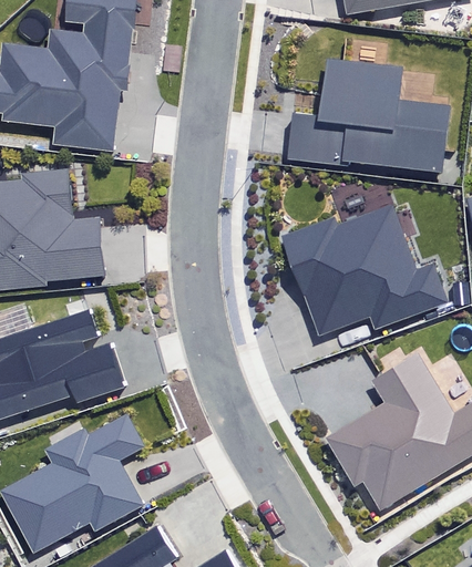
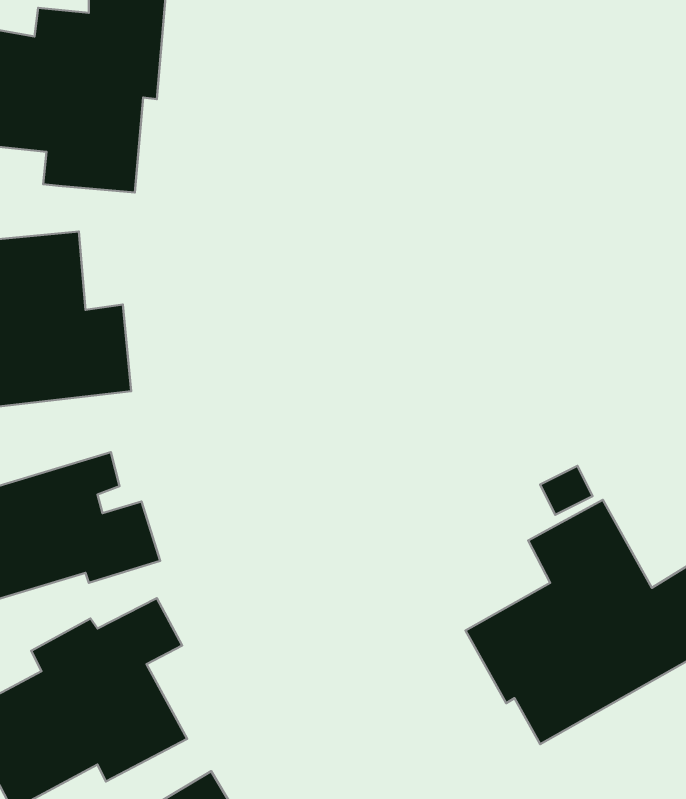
building: [293,62,447,171] -> none
building: [283,207,441,333] -> none

